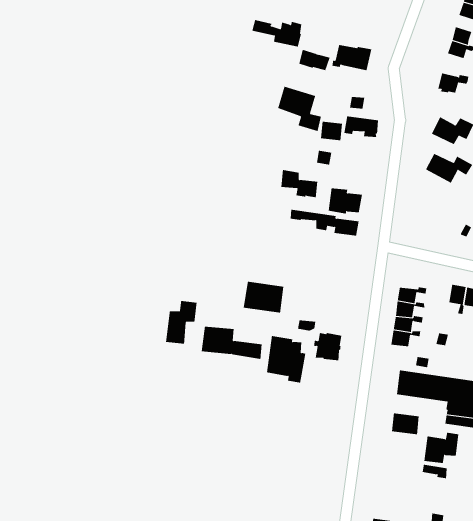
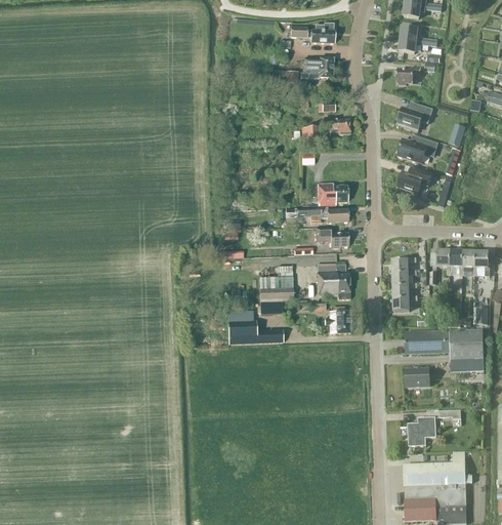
building: [251,20,302,47] -> [290,22,334,43]
building: [277,86,321,132] -> none
building: [280,170,318,198] -> [315,227,348,247]
building: none -> [396,164,432,194]
building: [165,300,197,345] -> none
building: [266,336,306,383] -> [317,262,349,299]
building: [424,432,459,463] -> [407,416,435,445]

